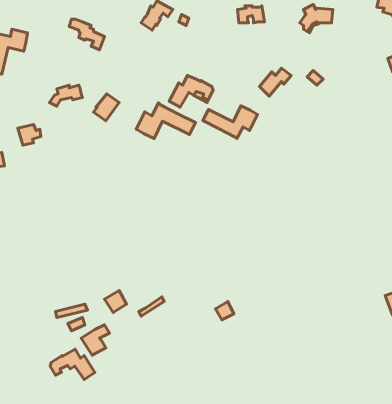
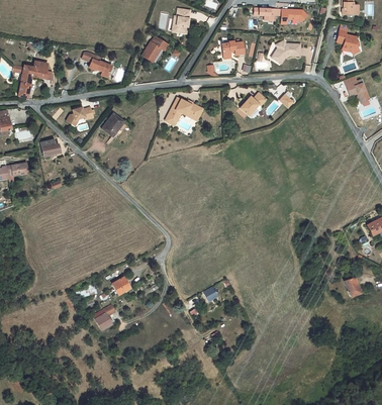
building: [136,103,195,138] -> none
building: [203,106,257,139] -> none
building: [50,349,95,379] -> none

